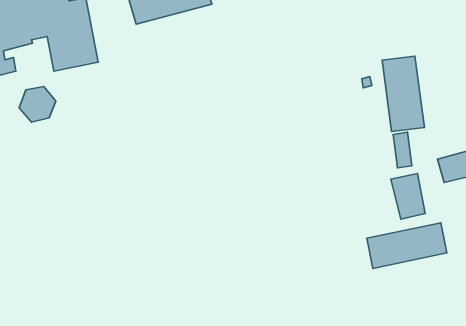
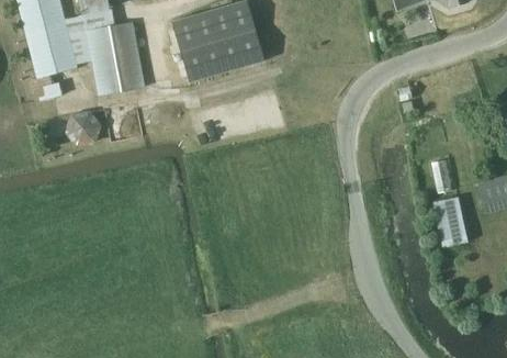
building: none -> [181,32,264,81]
building: [382,56,424,131] -> none
building: [367,223,447,268] -> none

